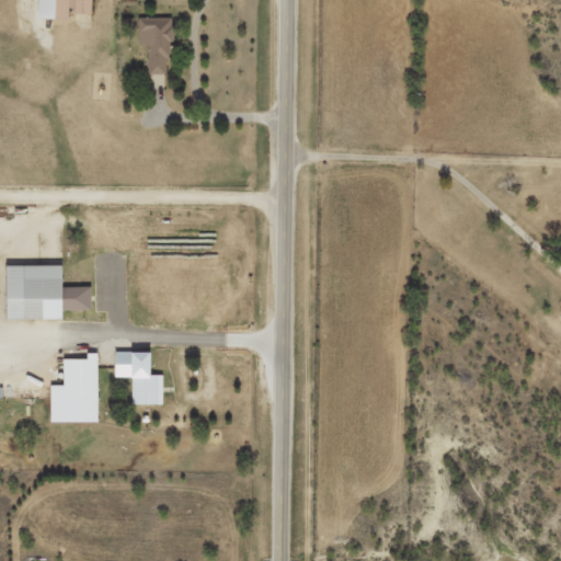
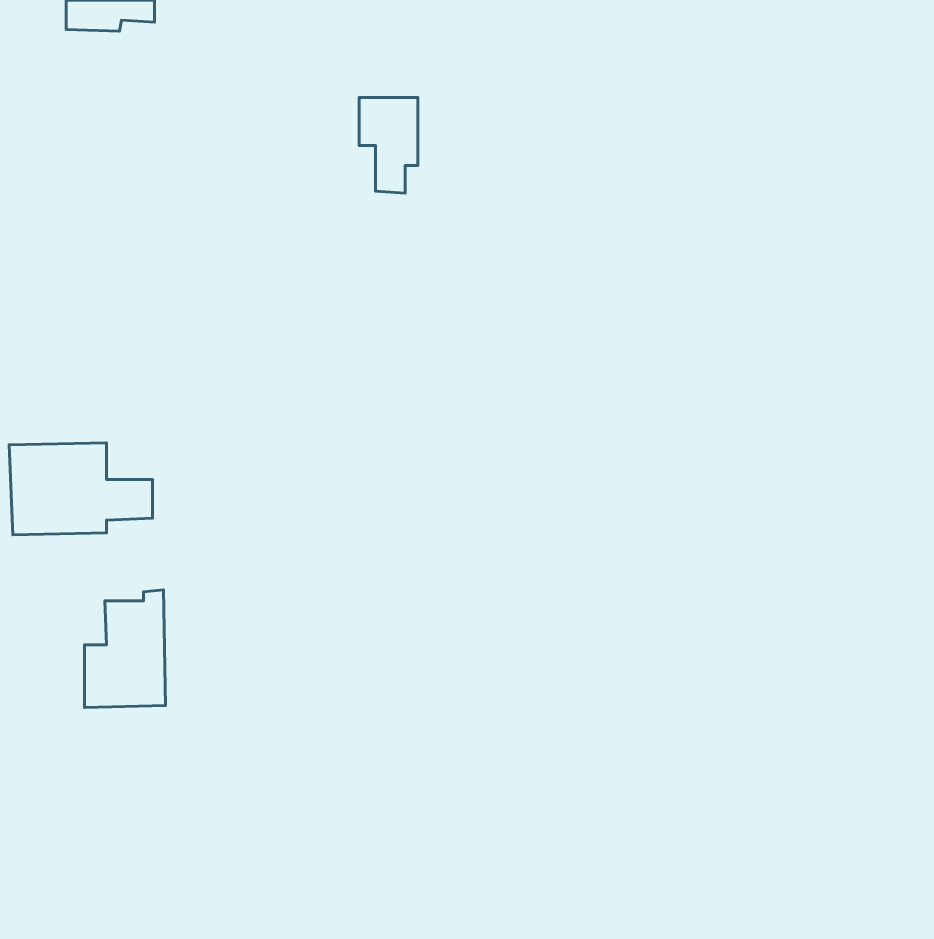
building: [138,16,173,73] -> [359,98,418,193]
building: [115,351,163,403] -> none

